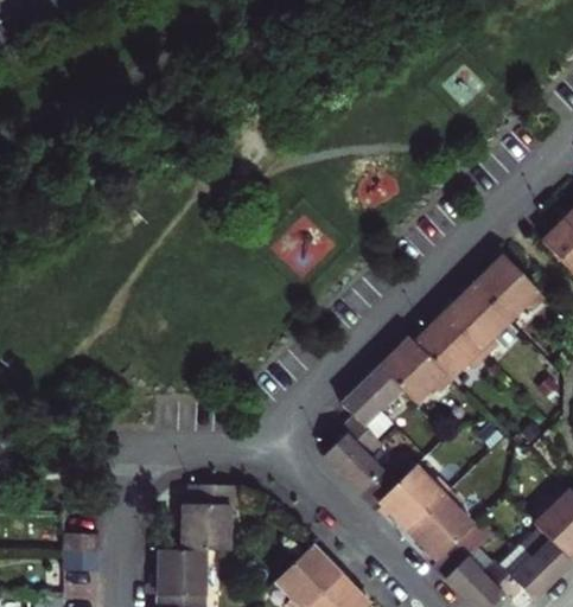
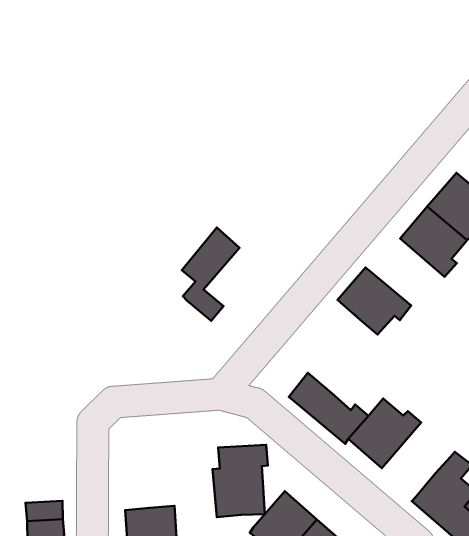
building: [414,313,484,378] -> none
building: [342,366,400,455] -> [182,228,240,321]
building: [183,484,236,551] -> [212,445,268,517]
building: [408,491,475,562] -> none

